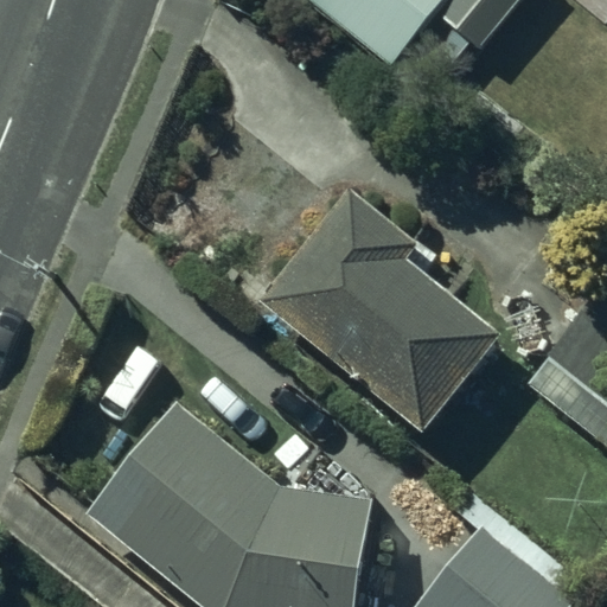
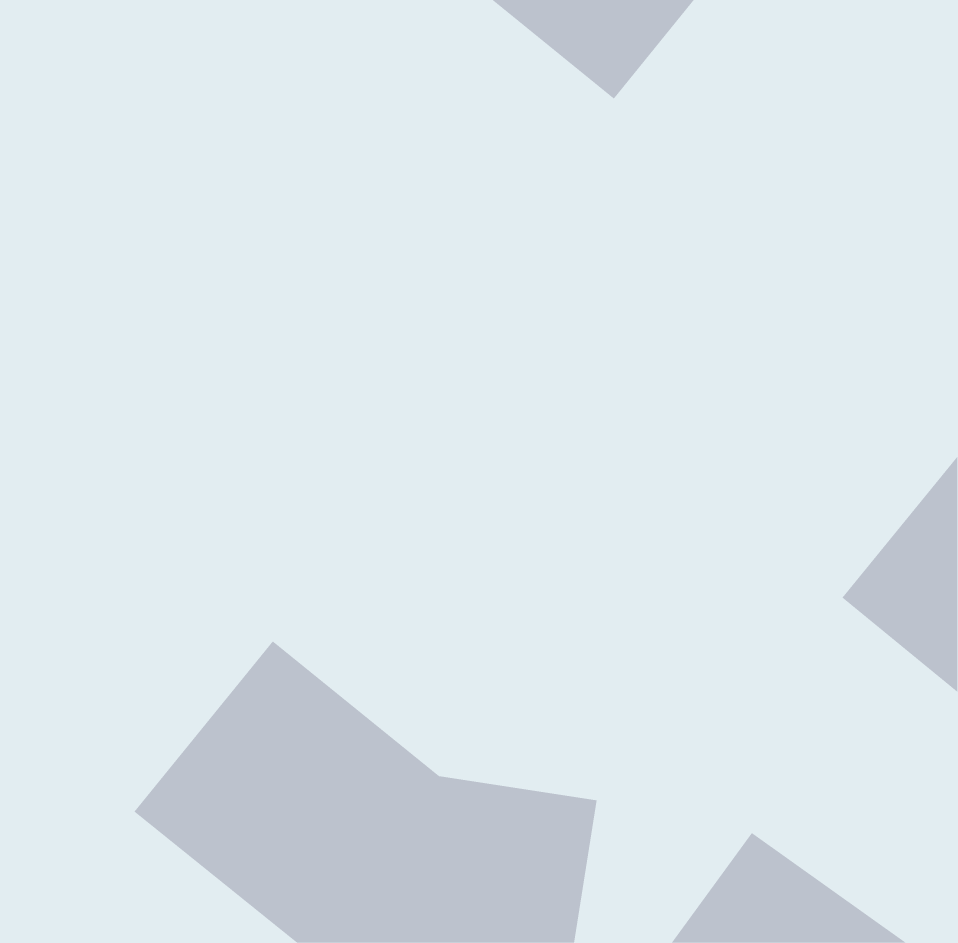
building: [260,189,500,433] -> none

